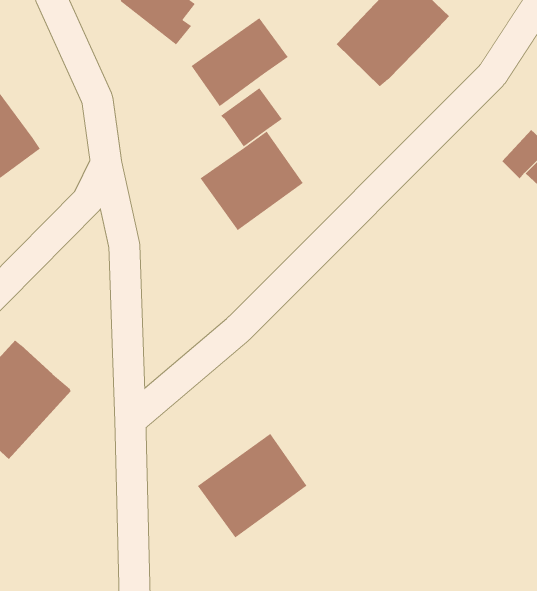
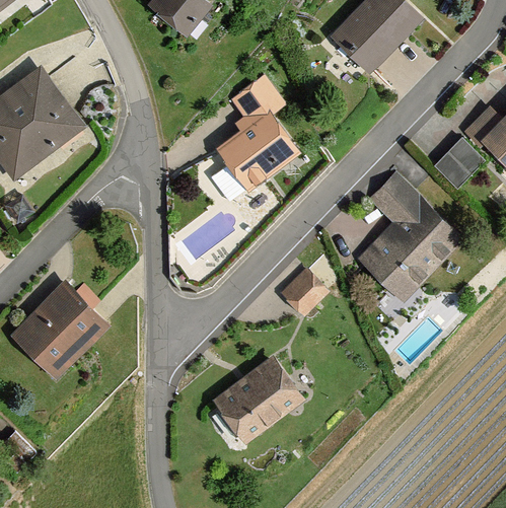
building: [191,17,289,107] -> none
building: none -> [432,140,482,190]
building: none -> [359,171,465,302]
building: none -> [281,269,329,316]

